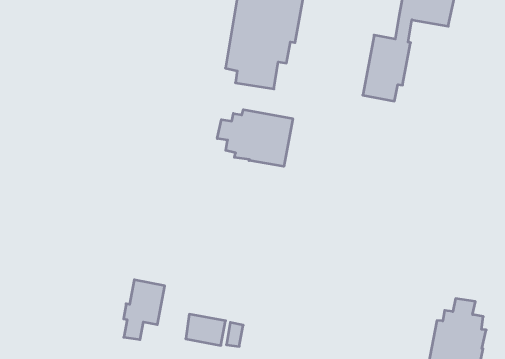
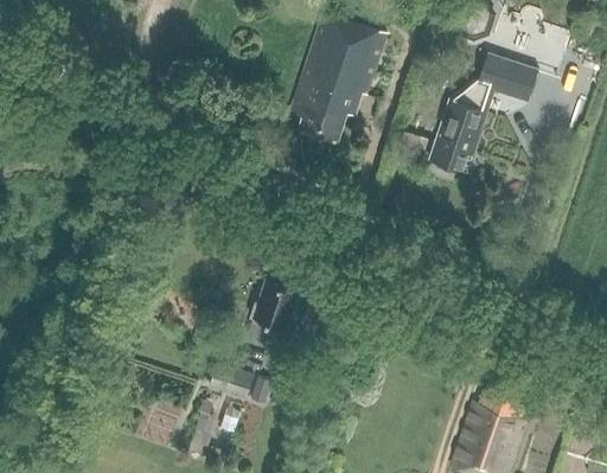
building: [217,110,293,166] -> none
building: [124,280,165,340] -> [248,279,298,341]

